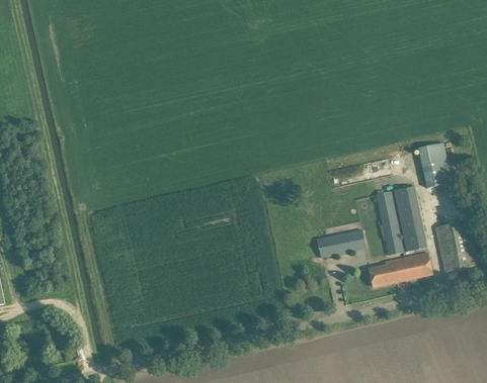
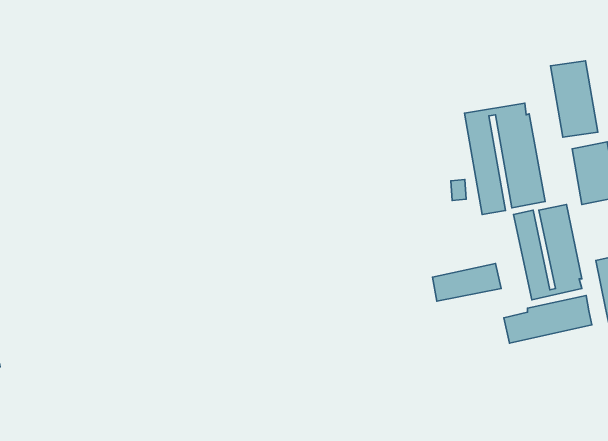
building: none -> [550,61,598,137]
building: none -> [464,103,545,214]

